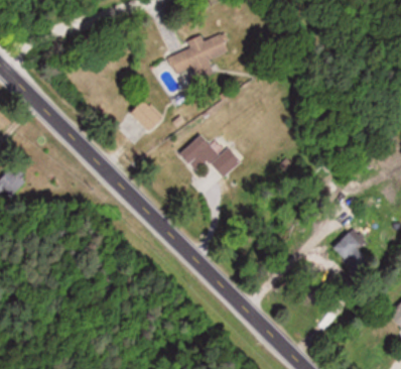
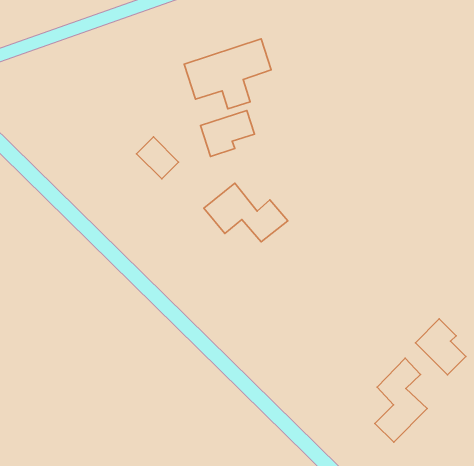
building: none -> [201,111,254,156]
building: none -> [375,358,427,442]

